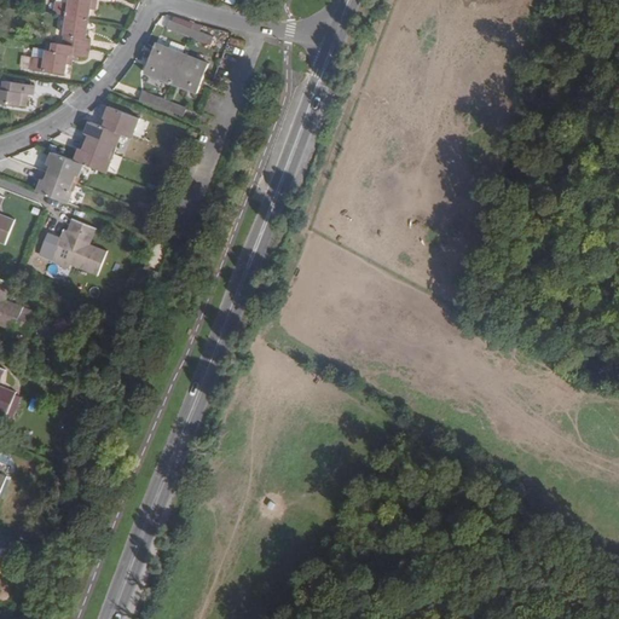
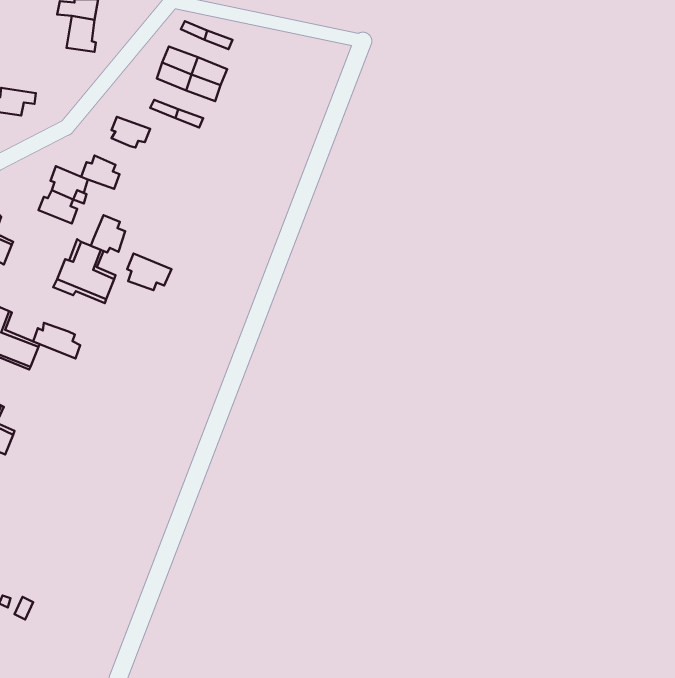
building: [28,41,86,74] -> none
building: [83,121,118,150] -> none
building: none -> [91,215,125,252]
building: none -> [127,254,171,290]
building: none -> [33,323,80,359]

